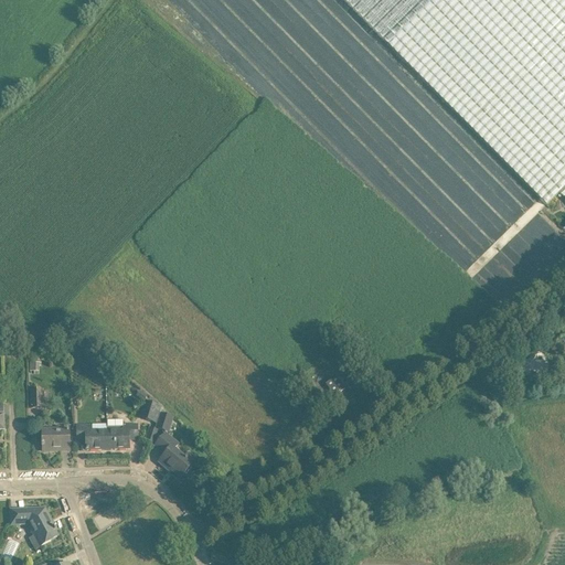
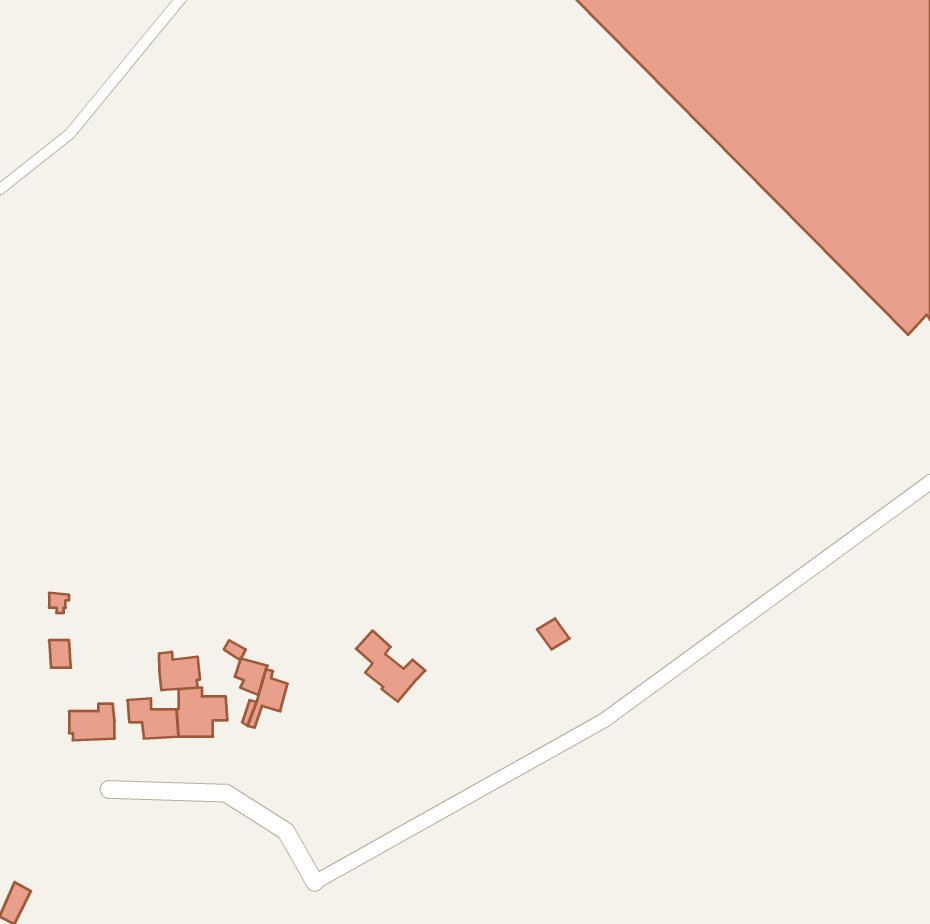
building: none -> [159,652,200,690]
building: [156,433,198,476] -> [356,631,425,702]
building: [11,508,58,547] -> none

